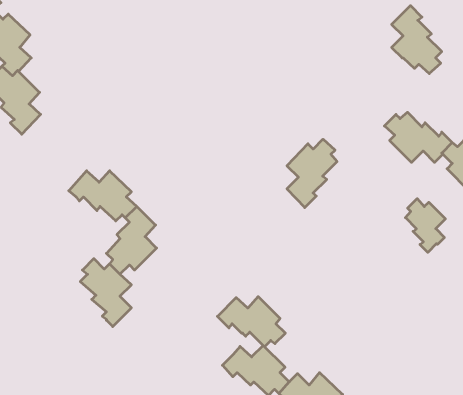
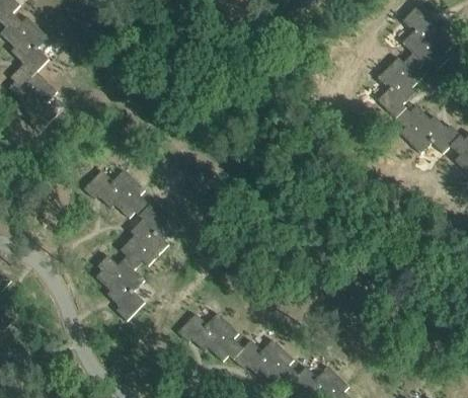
building: [287,140,337,208] -> [373,58,421,124]
building: [405,199,445,252] -> none
building: [217,297,285,347] -> [177,310,243,359]

